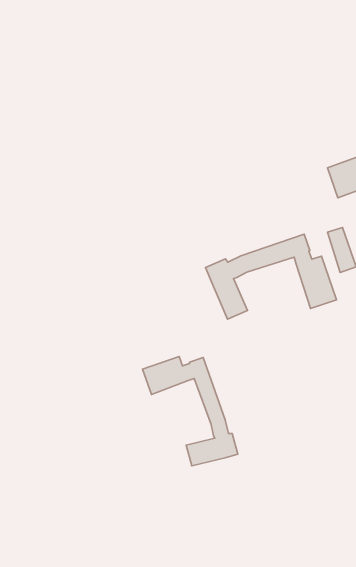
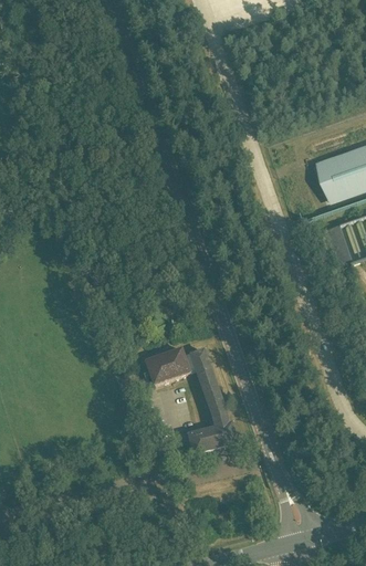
building: [205,234,336,319] -> none

